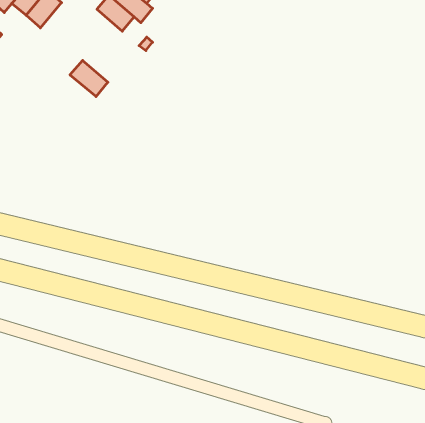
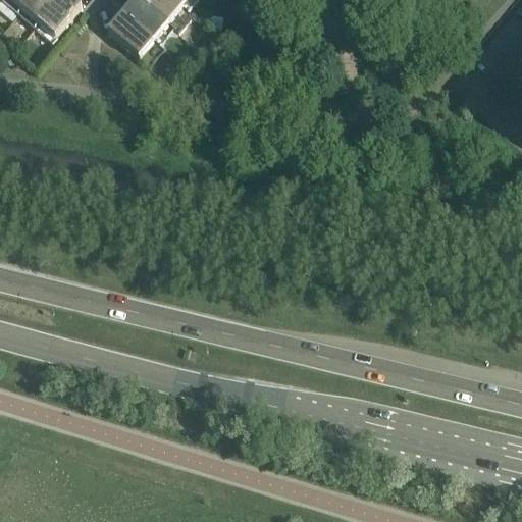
building: [70,60,108,97] -> [102,11,148,55]

